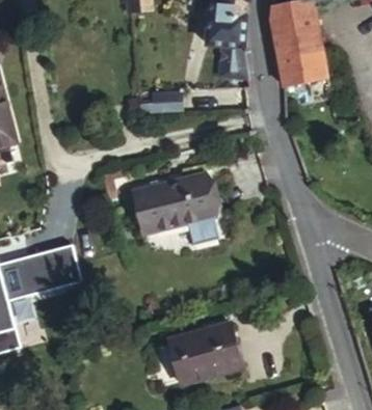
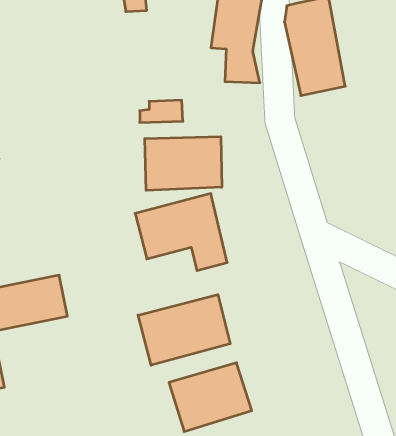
building: none -> [145,137,222,190]
building: none -> [138,295,230,365]

